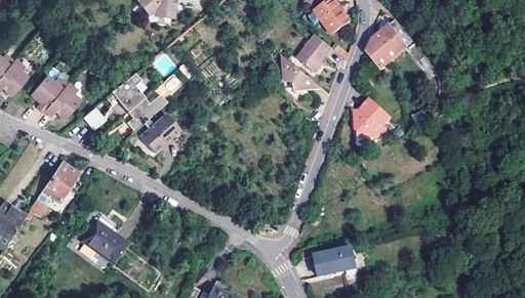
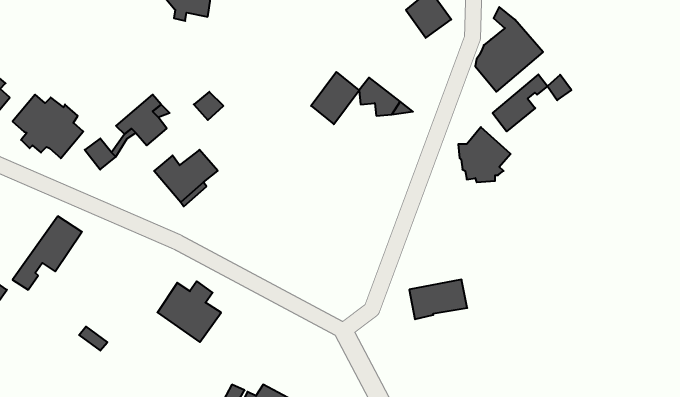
building: [295,33,330,71] -> [311,72,359,124]
building: none -> [493,74,547,131]
building: [125,94,164,129] -> none
building: [82,215,128,259] -> [157,281,221,342]
building: [312,248,354,276] -> [409,280,467,319]

